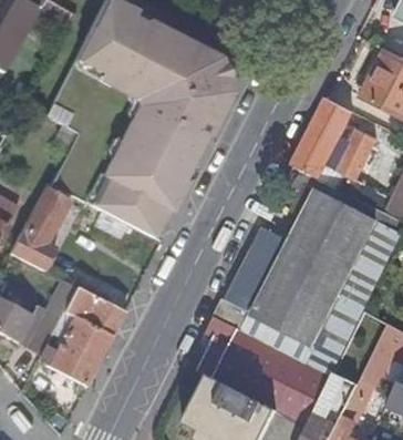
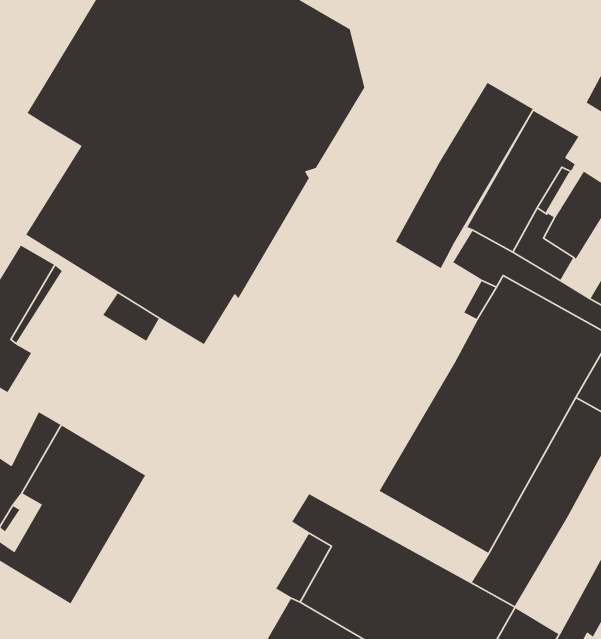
building: none -> [395,82,534,269]
building: [217,224,317,360] -> none

